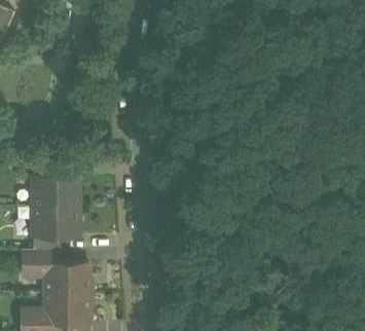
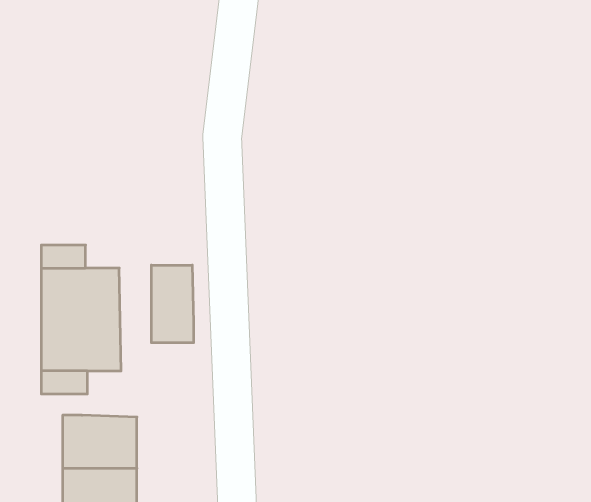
building: none -> [151,265,194,343]
building: [22,251,57,271] -> none

